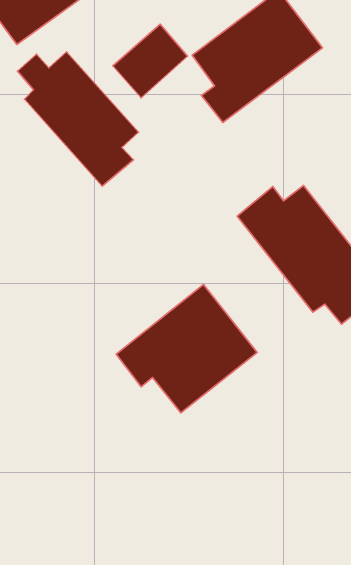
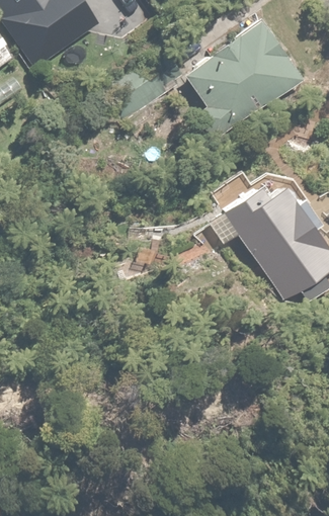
building: [17,52,138,186] -> none
building: [116,284,257,413] -> none

